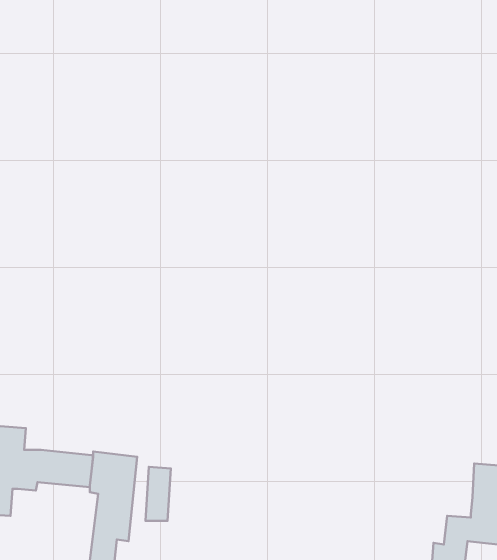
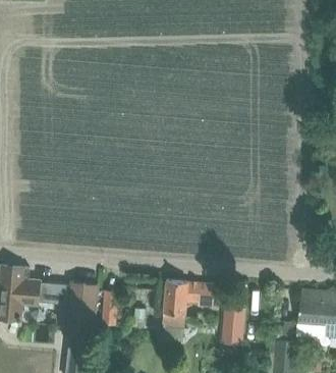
building: none -> [161,280,214,329]
building: none -> [222,307,244,333]

